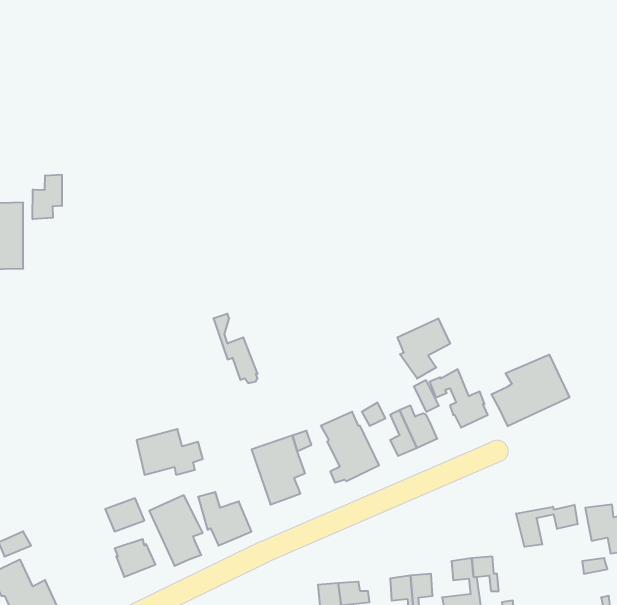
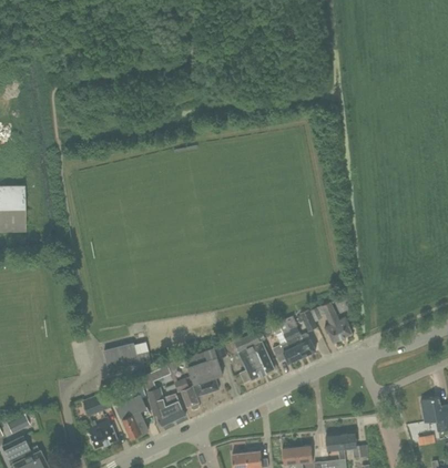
building: [33,175,62,219] -> none
building: [213,314,258,383] -> [167,360,198,409]
building: [397,318,450,379] -> none
building: [491,355,569,426] -> none
building: [516,505,578,547] -> none

